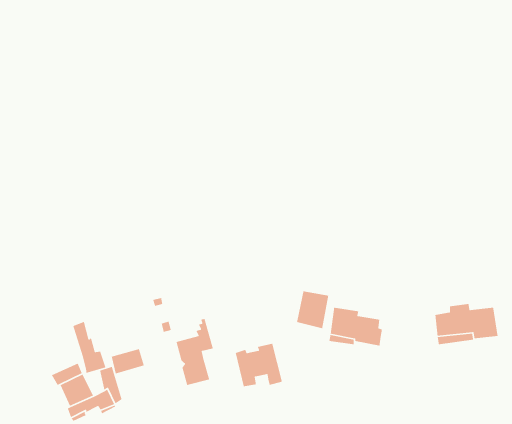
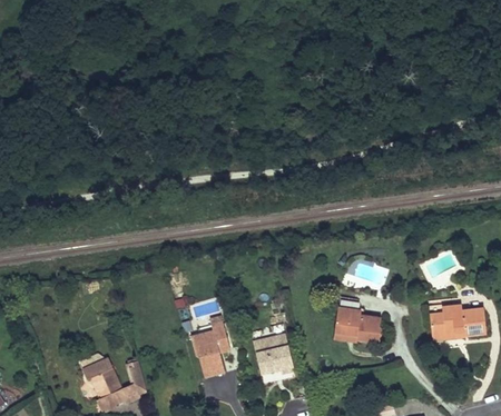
building: [296,290,329,329] -> none
building: [73,321,106,374] -> none
building: [111,348,145,375] -> none

